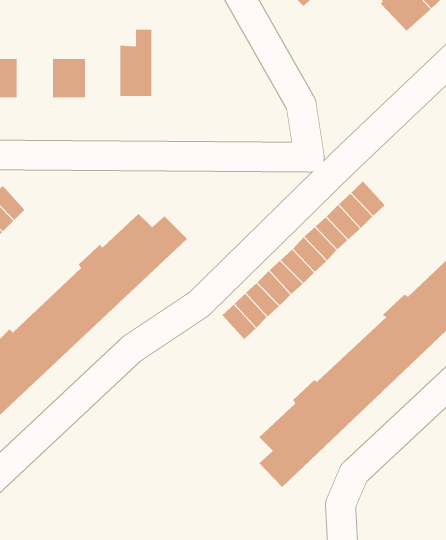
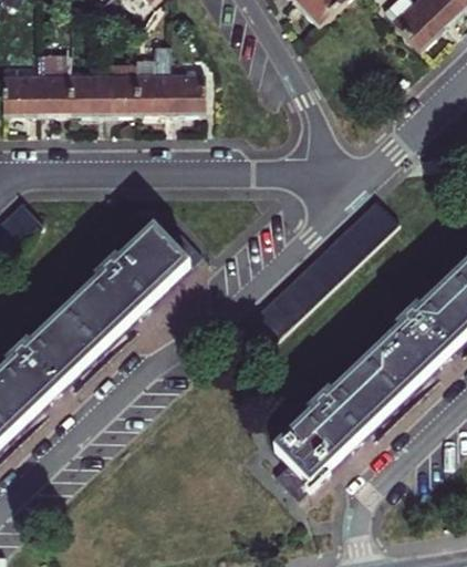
building: none -> [102,61,135,113]
building: none -> [167,73,204,112]
building: none -> [34,74,69,113]

